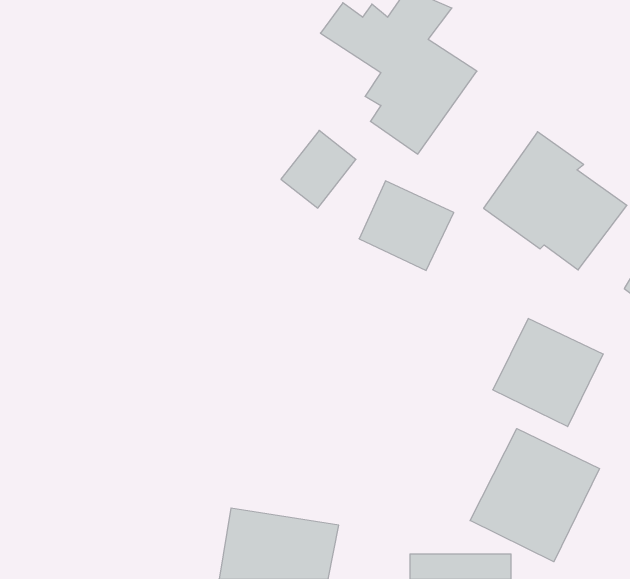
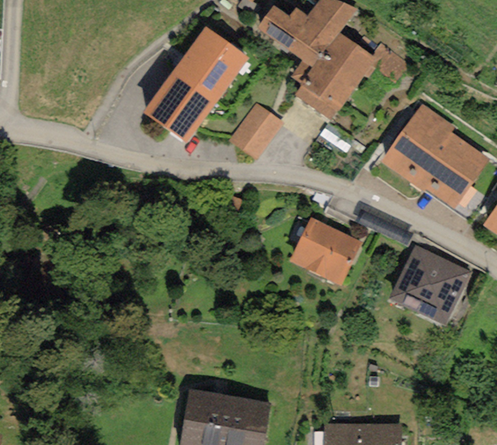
building: none -> [143,26,248,142]
building: [359,181,454,270] -> [290,217,362,285]
building: [470,429,600,562] -> none

